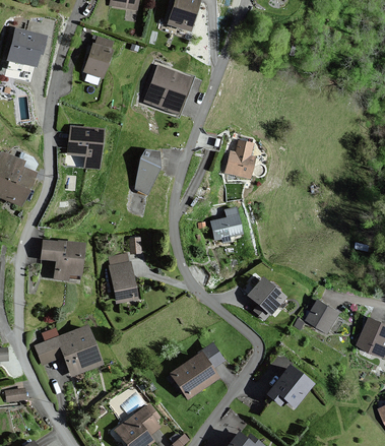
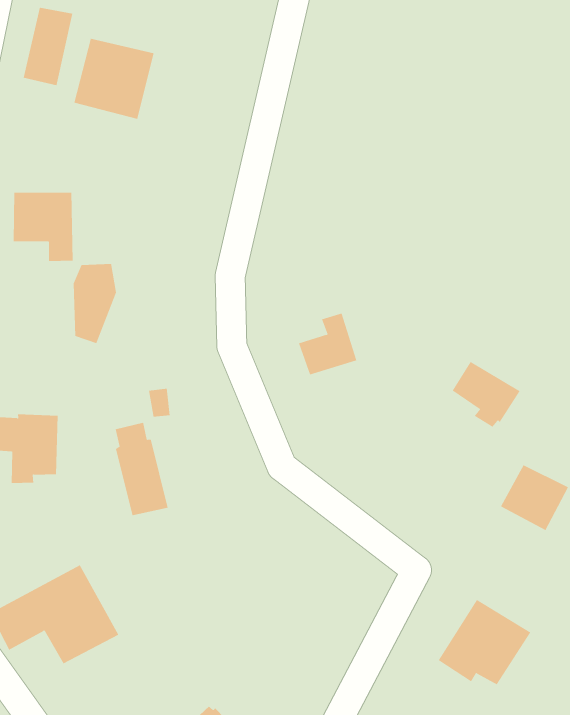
building: [145,67,190,112] -> [73,38,155,120]
building: [224,141,253,178] -> none
building: [135,151,159,193] -> [73,264,117,344]
building: [246,281,281,317] -> [452,361,520,427]
building: [171,355,214,397] -> none

